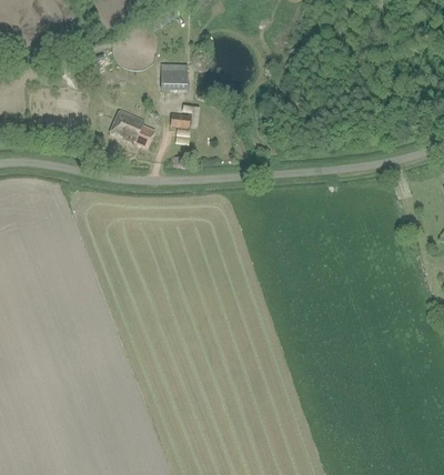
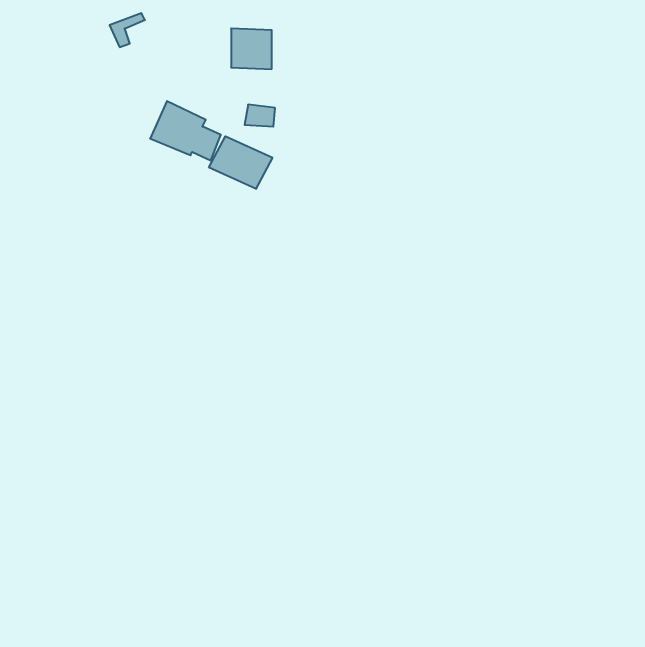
building: none -> [209,136,272,189]

